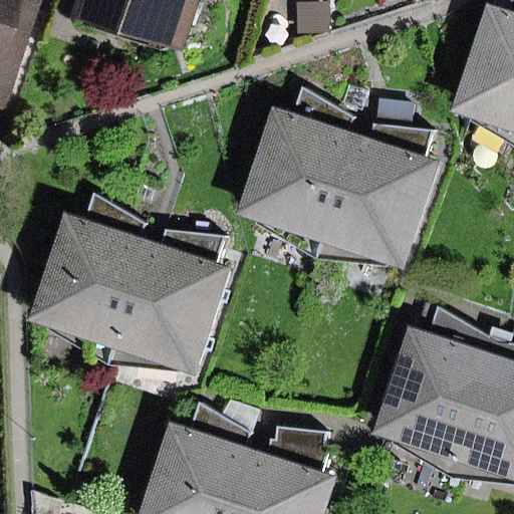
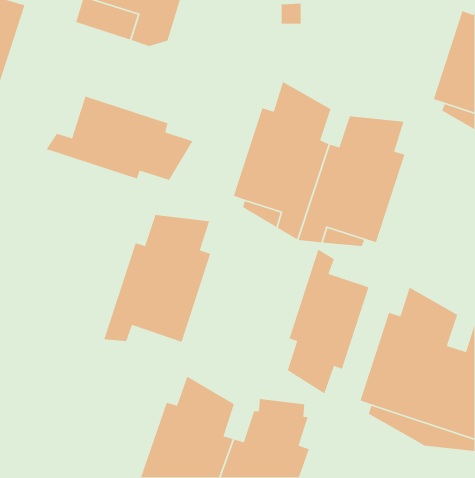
building: none -> [45,95,193,181]
building: [41,193,147,363] -> none
building: none -> [287,249,369,394]

